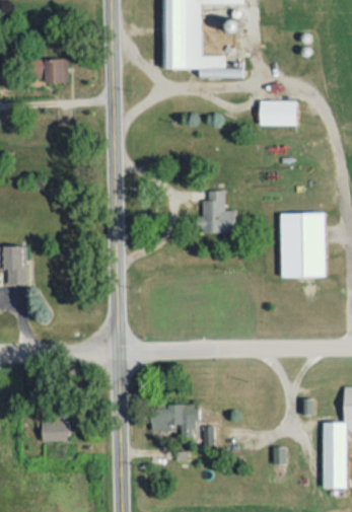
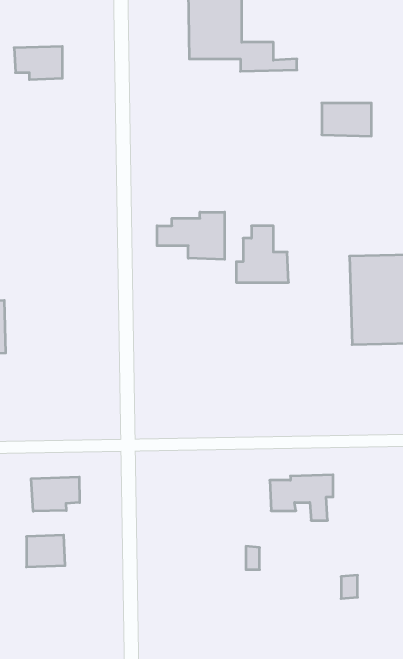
building: none -> [157,212,225,259]
building: none -> [31,477,80,511]
building: [152,406,199,439] -> [270,475,333,520]

